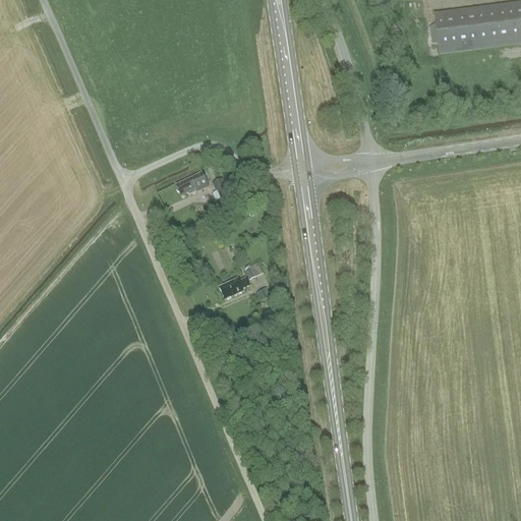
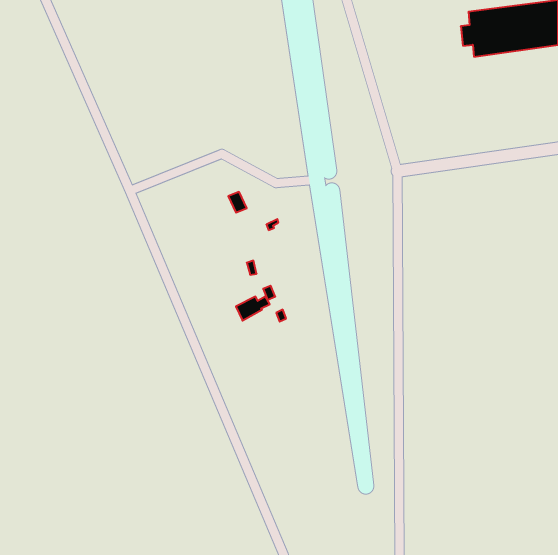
building: [177,172,210,195] -> none

